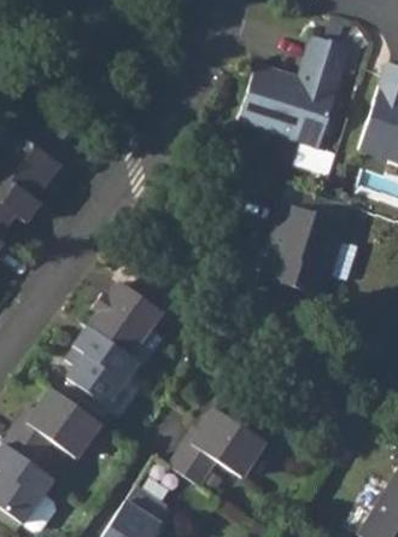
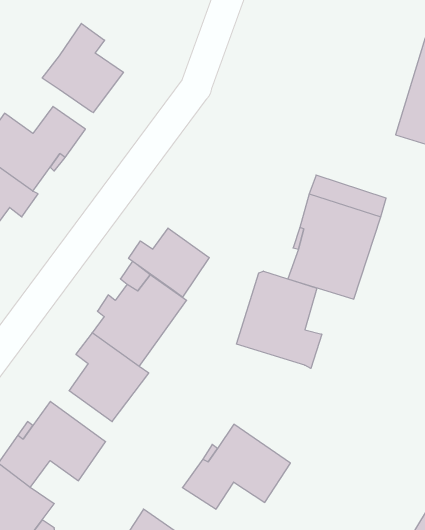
building: [238,36,350,147] -> none
building: none -> [42,23,123,113]
building: none -> [129,228,209,297]
building: none -> [237,271,322,368]

